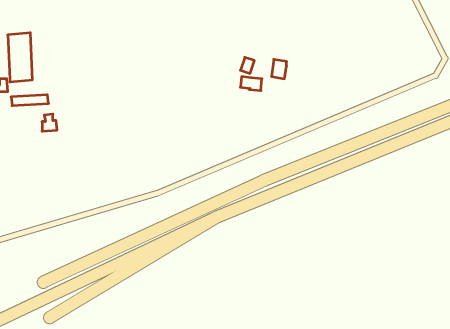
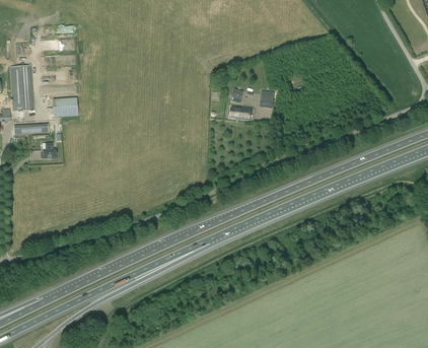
building: none -> [52,97,77,117]

